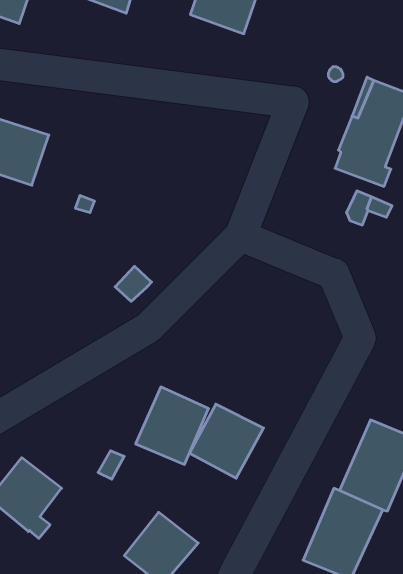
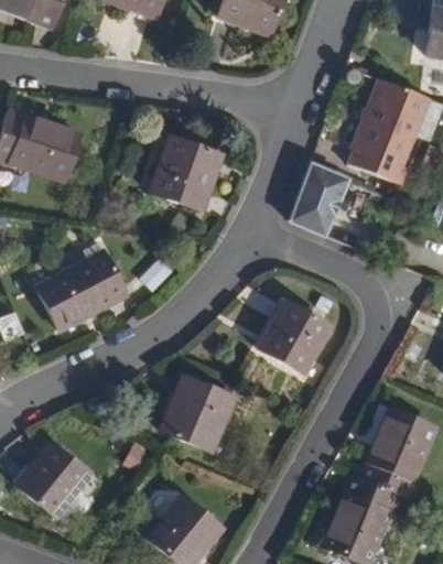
building: none -> [148,138,216,208]
building: none -> [292,161,352,232]
building: none -> [36,249,126,328]
building: [189,404,264,478] -> [256,301,327,372]

